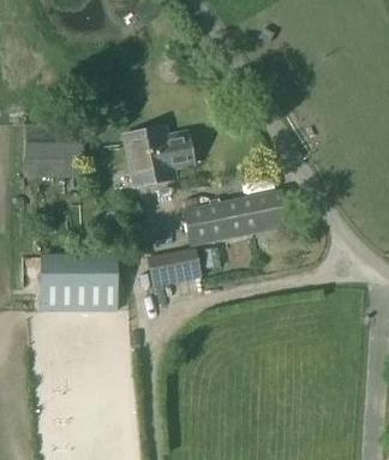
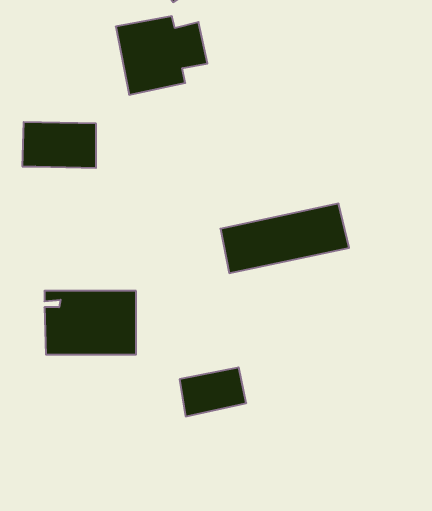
building: [127,126,202,190] -> [116,16,207,95]
building: [145,247,199,287] -> [180,367,246,416]

